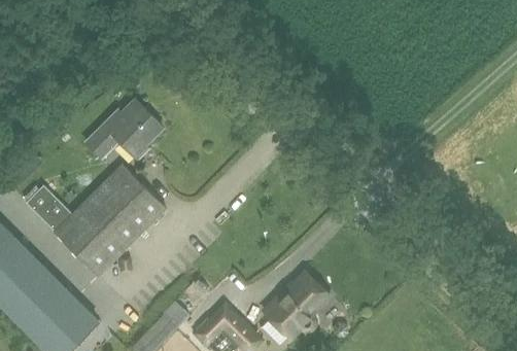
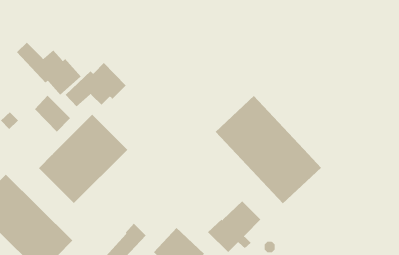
building: none -> [16,42,81,95]
building: none -> [215,95,322,204]
building: [27,185,72,232] -> [34,95,71,132]

